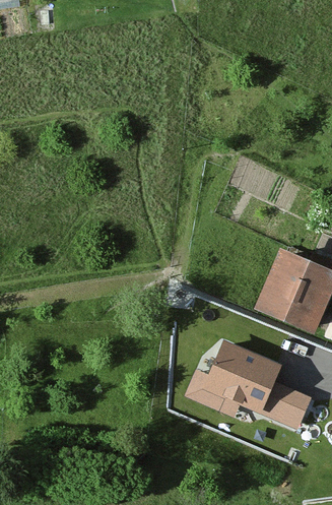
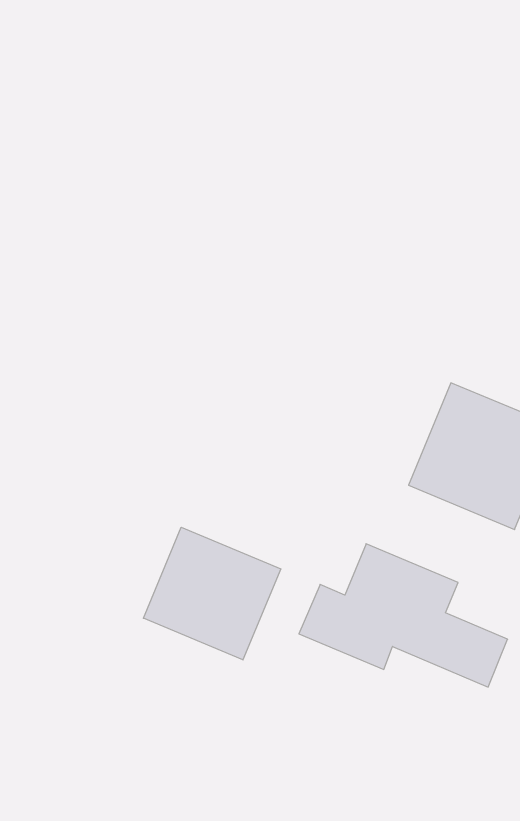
building: none -> [143,527,281,660]

